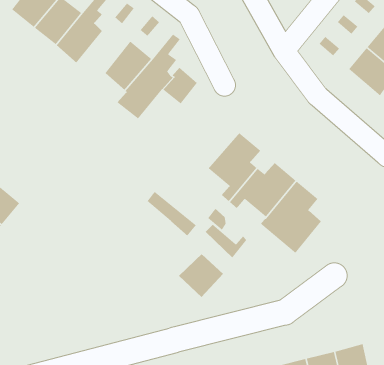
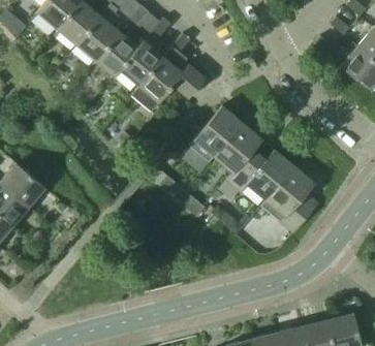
building: none -> [96,32,145,77]
building: none -> [189,106,243,162]
building: [178,253,224,298] -> none

